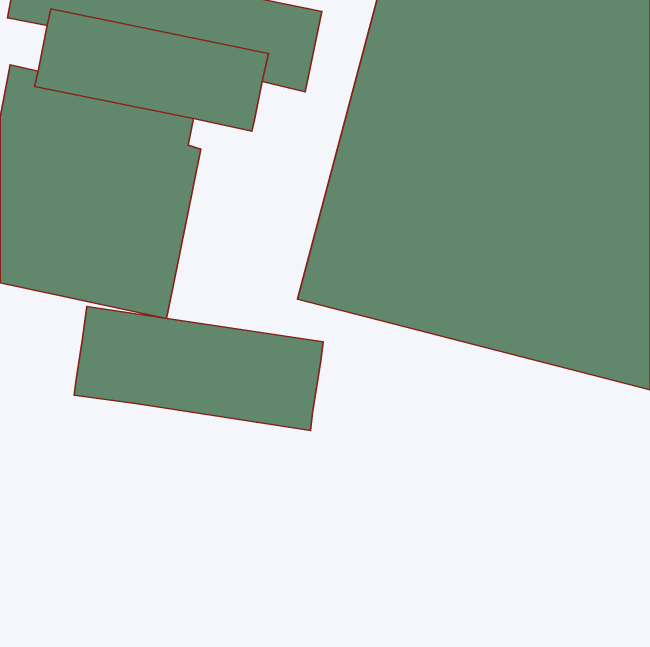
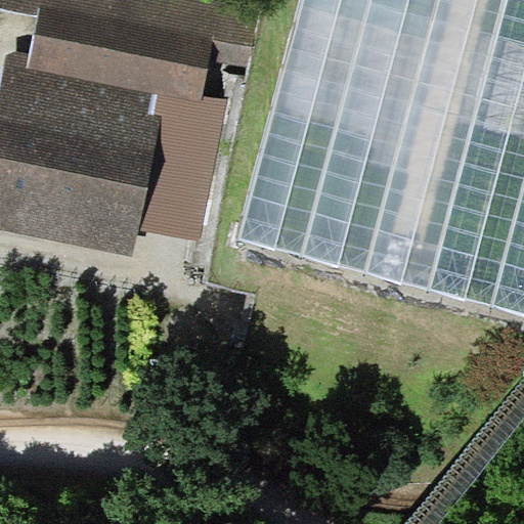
building: none -> [139,95,228,241]
building: [74,306,323,431] -> none

